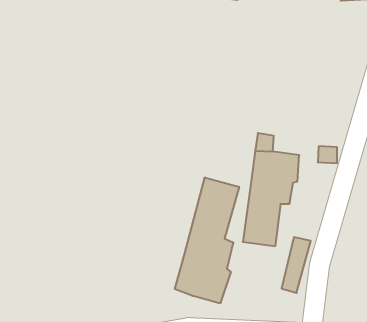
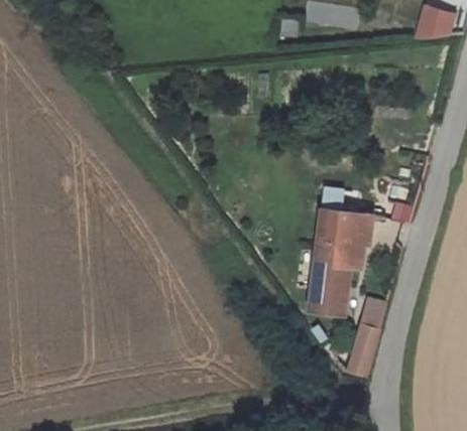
building: [175,177,239,303] -> none

